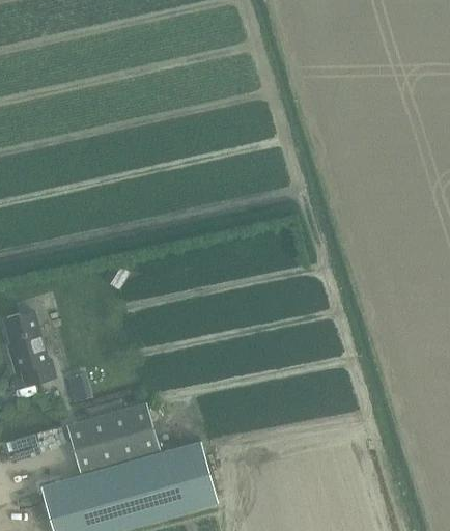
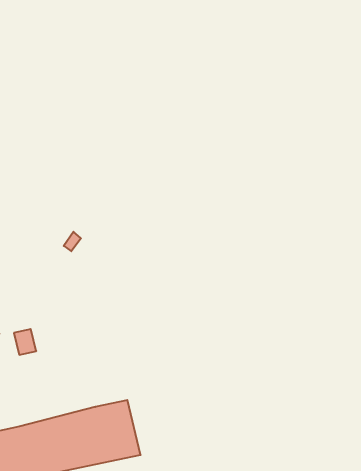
building: [67,403,162,477] -> none

